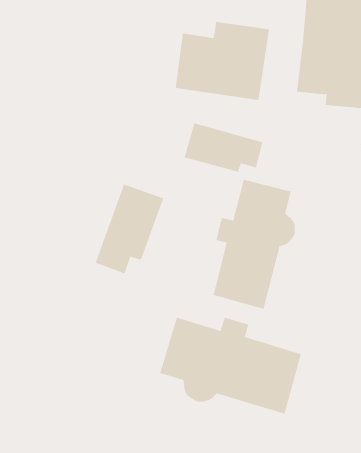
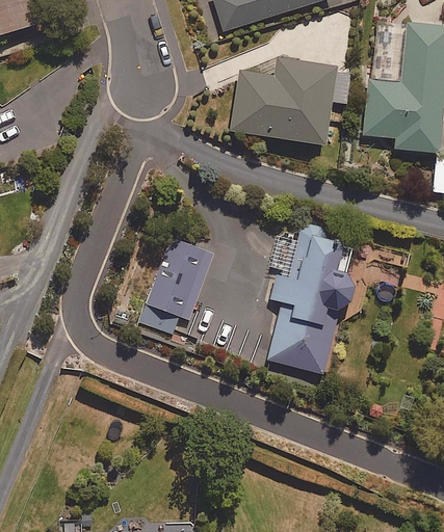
building: [184,123,263,173] -> none
building: [159,317,302,414] -> none

